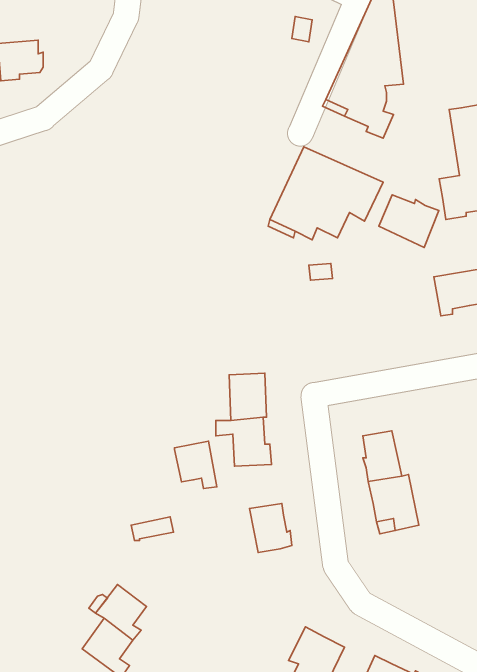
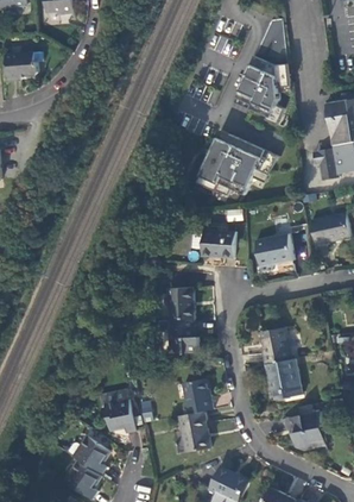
building: [379,195,439,248] -> none
building: none -> [200,228,234,256]
building: none -> [255,232,293,264]
building: [175,441,217,488] -> [105,399,134,432]
building: none -> [173,410,210,453]
building: none -> [284,413,324,451]

